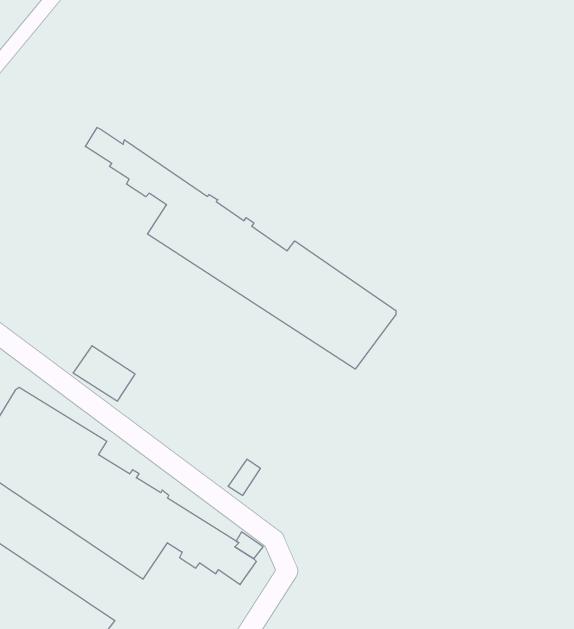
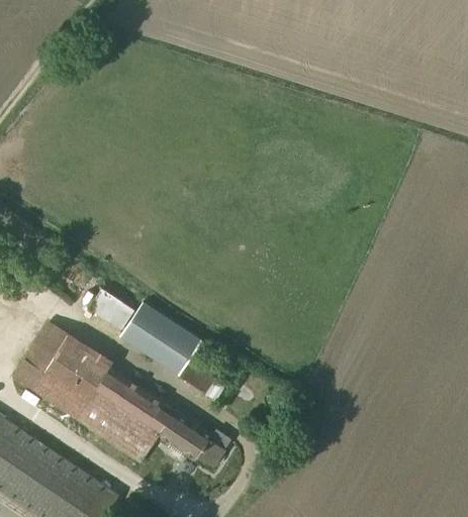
building: [85,127,396,369] -> none
building: none -> [119,302,201,376]

